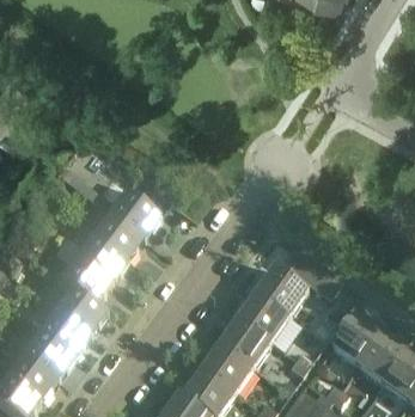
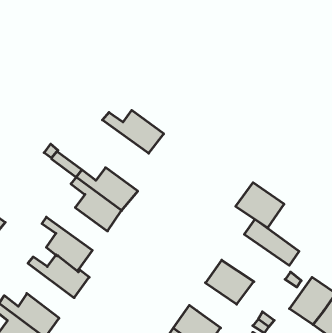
building: [59,237,127,284] -> [102,110,164,153]
building: [254,269,307,319] -> [236,183,284,228]
building: [32,299,90,360] -> none
building: [218,320,270,370] -> none

